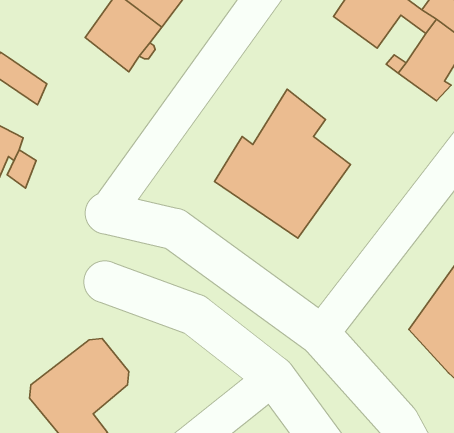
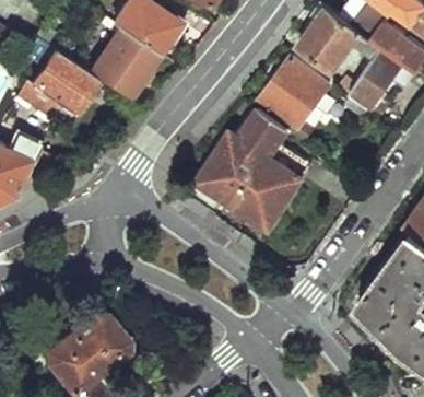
building: none -> [30,51,95,125]
building: none -> [260,58,330,144]

